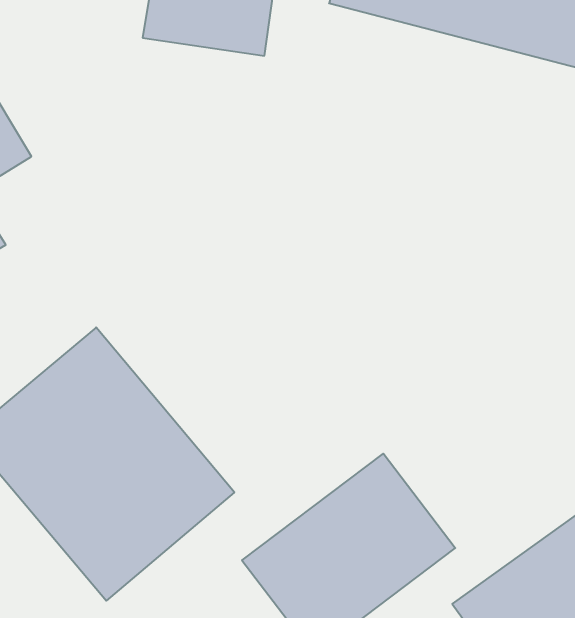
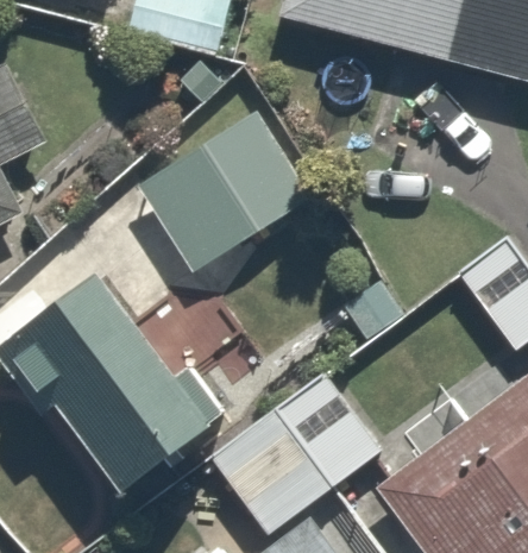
building: none -> [142,105,290,254]

